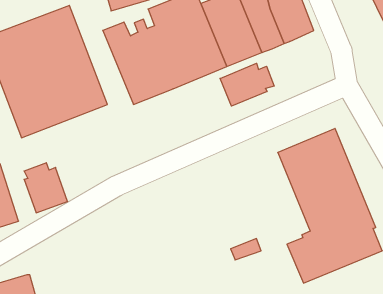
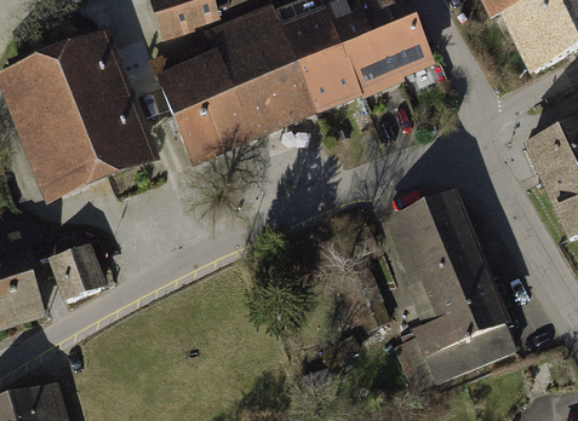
building: [220,63,274,106] -> none

